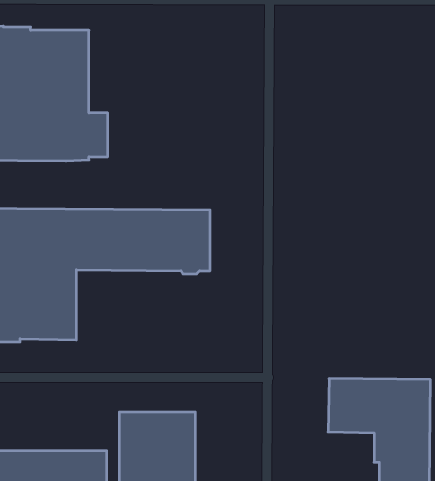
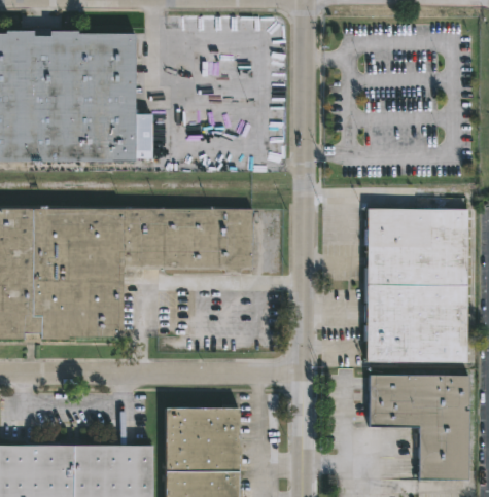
building: none -> [368,209,469,363]

